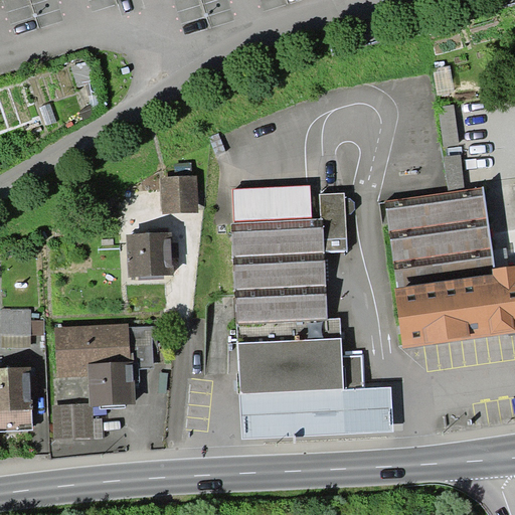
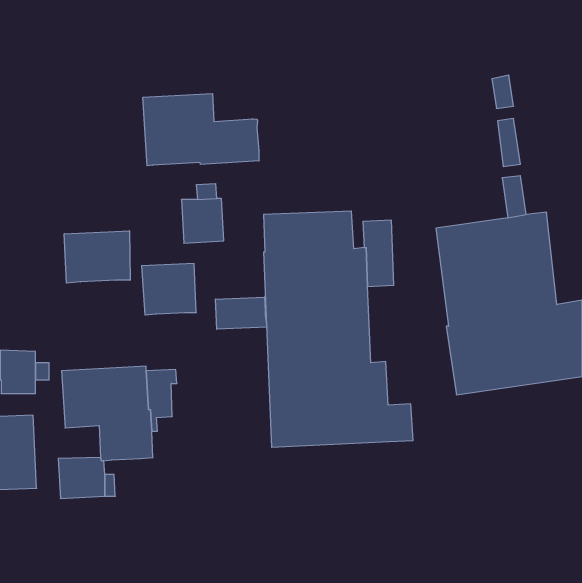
building: none -> [143,94,259,166]
building: none -> [64,231,130,283]
building: none -> [216,297,267,329]
building: [238,387,392,439] -> none

